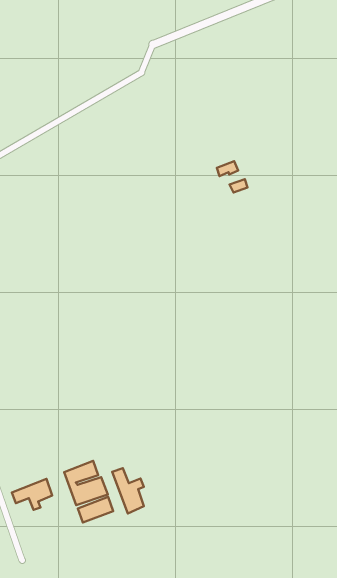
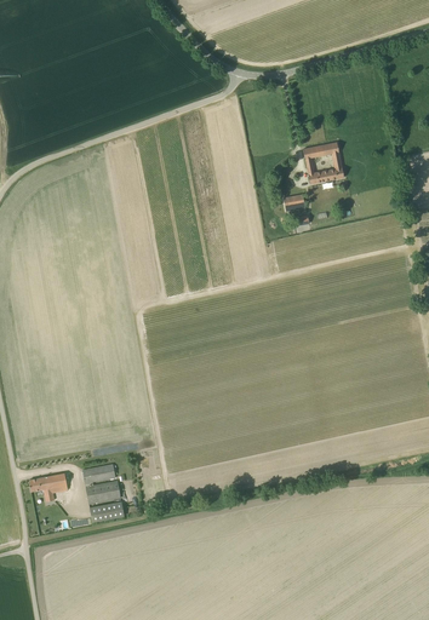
building: none -> [304,143,343,184]
building: [112,468,144,513] -> none

